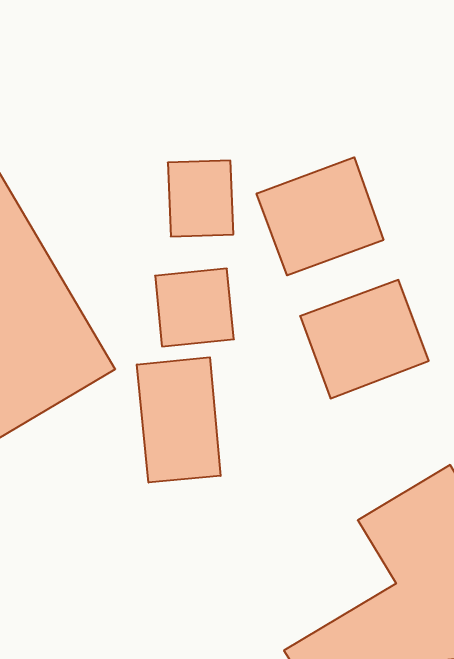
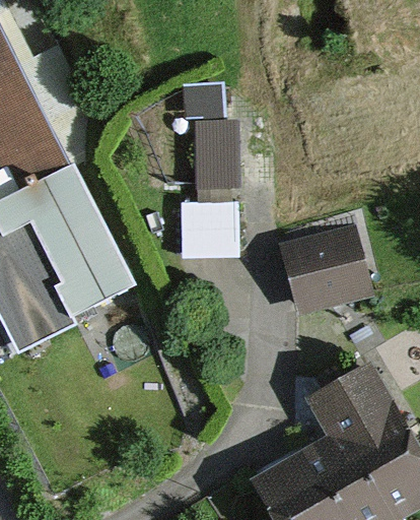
building: [257,157,383,275] -> none
building: [137,357,221,483] -> none

